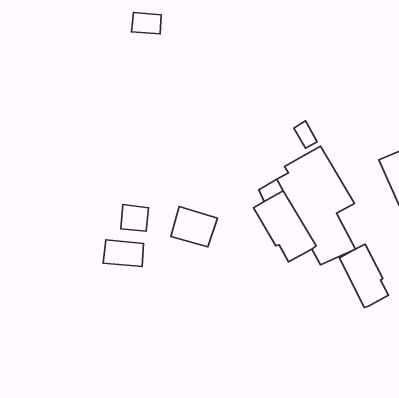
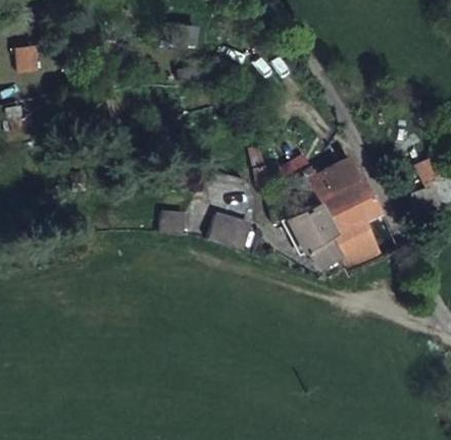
building: [103,240,144,266] -> none
building: [339,244,388,308] -> none

